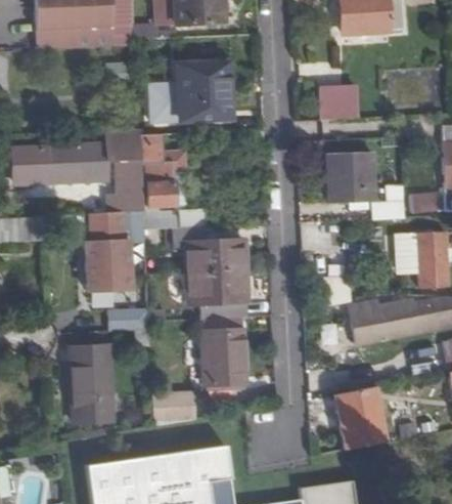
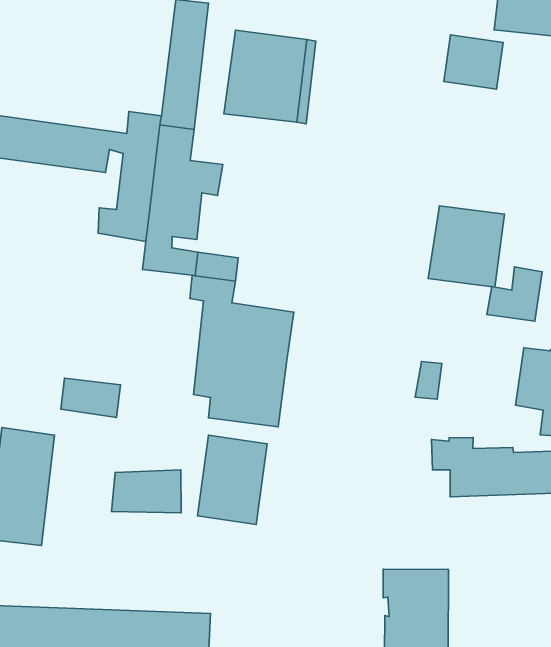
building: [320,89,356,121] -> [444,35,503,89]
building: [87,213,132,290] -> none
building: [153,392,200,427] -> [112,470,181,513]

